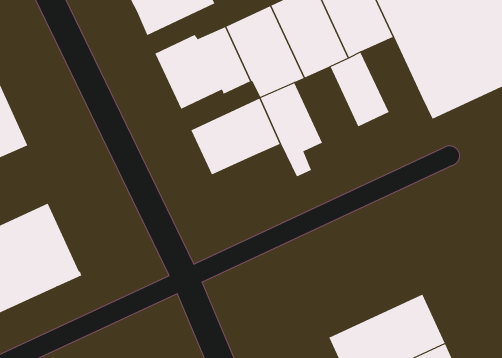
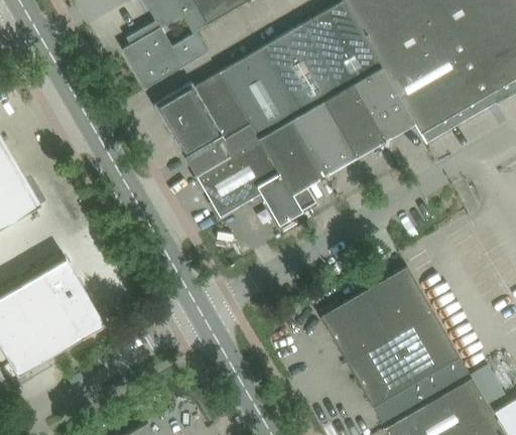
building: none -> [352,66,414,139]
building: none -> [291,101,356,174]
building: none -> [184,122,259,174]
building: none -> [260,179,301,224]
building: none -> [320,265,433,360]

